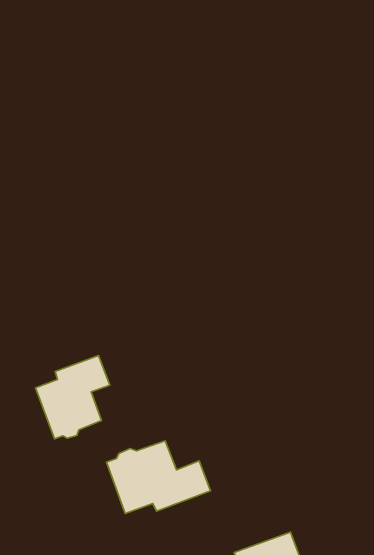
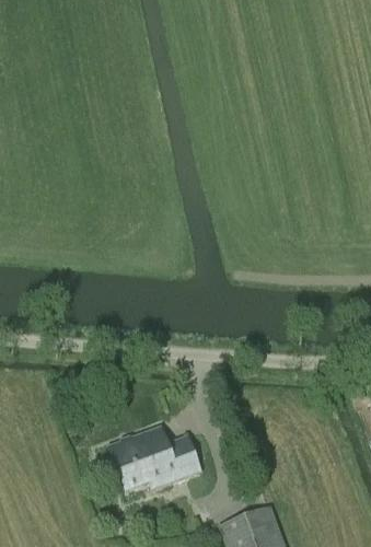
building: [36,355,110,439] -> none

